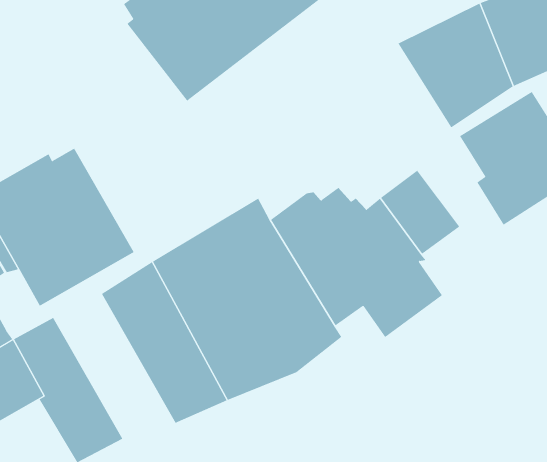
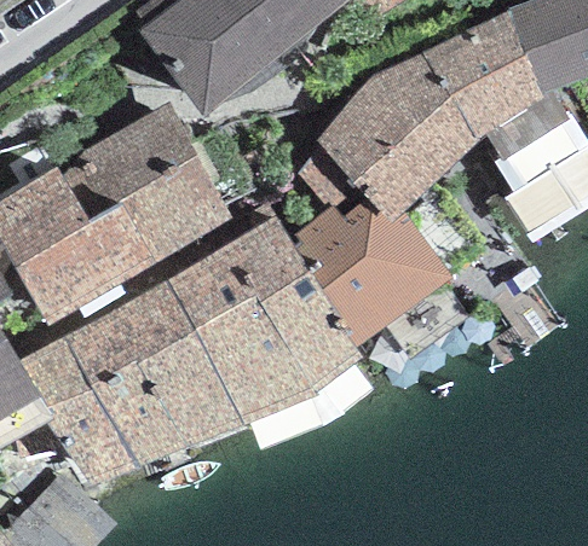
building: none -> [298,52,478,221]
building: none -> [81,101,231,269]
building: none -> [63,313,190,464]

